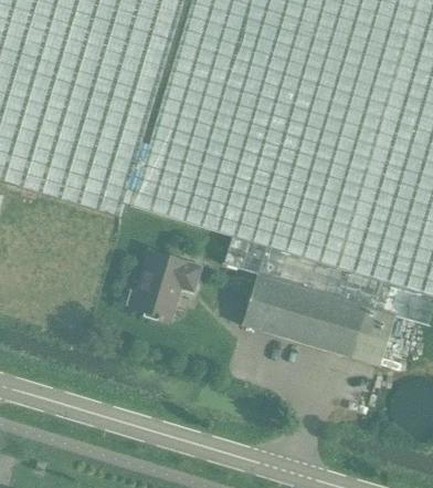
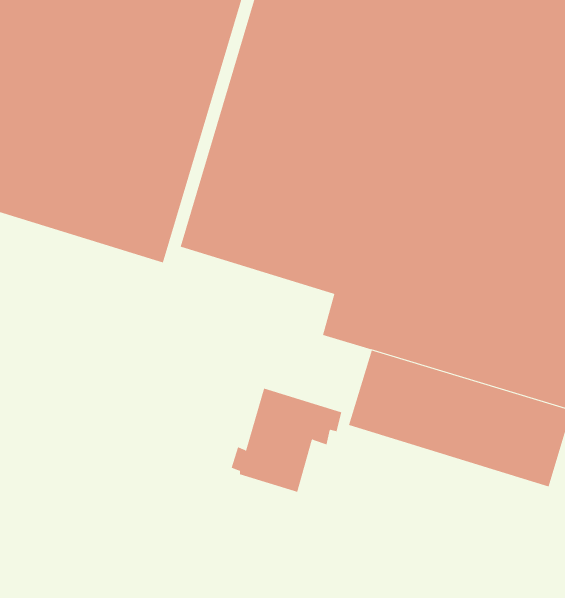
building: [126,251,201,322] -> [231,388,342,492]

